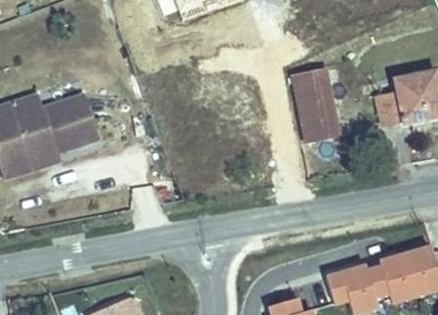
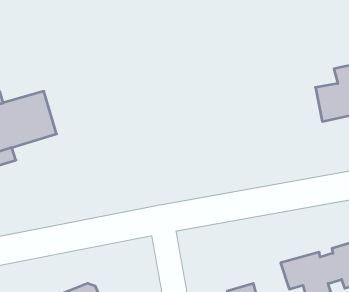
building: [282,80,326,145] -> none

